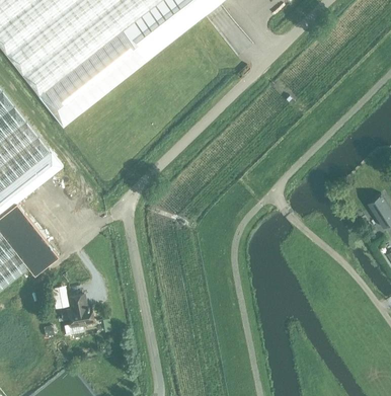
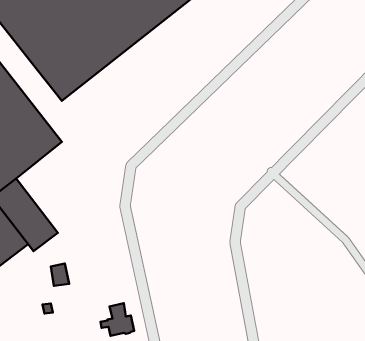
building: [60,293,93,325] -> [100,303,134,336]

